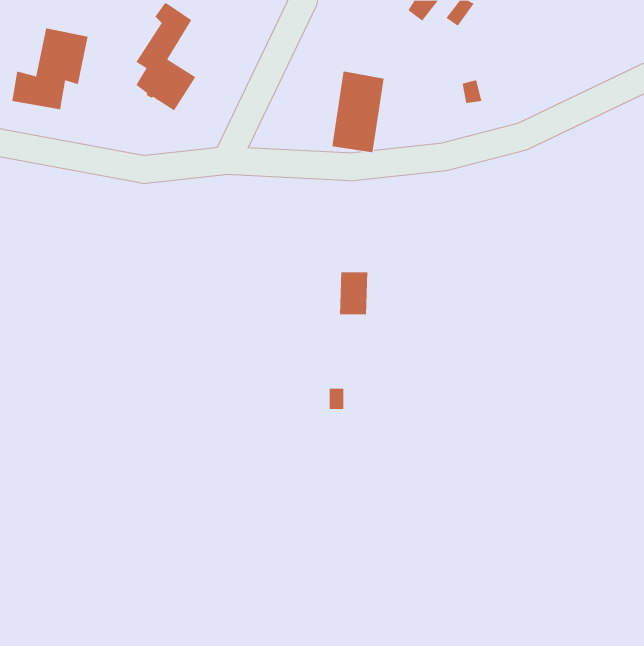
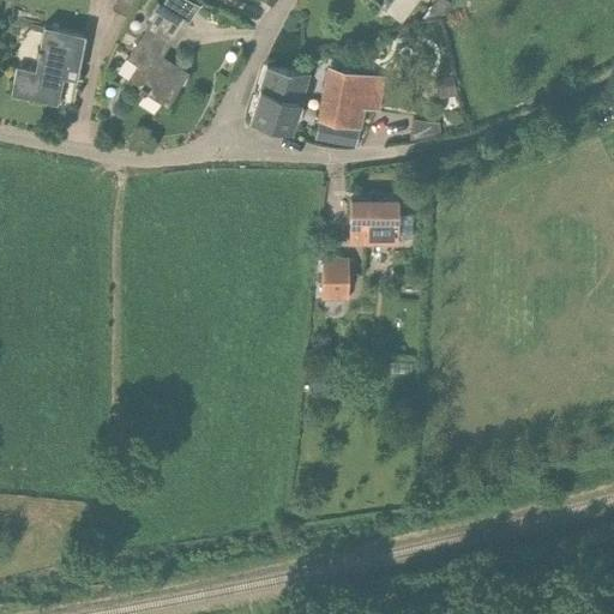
building: none -> [252,66,308,130]
building: none -> [351,199,414,245]

